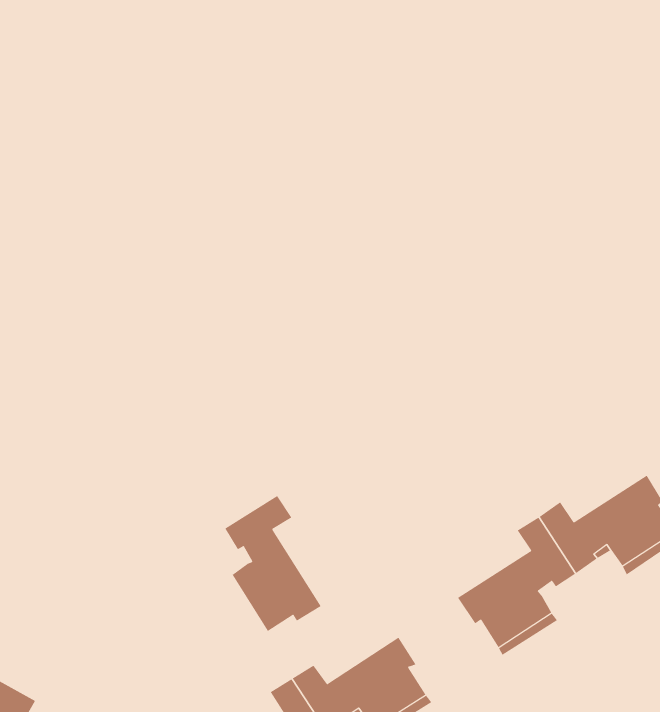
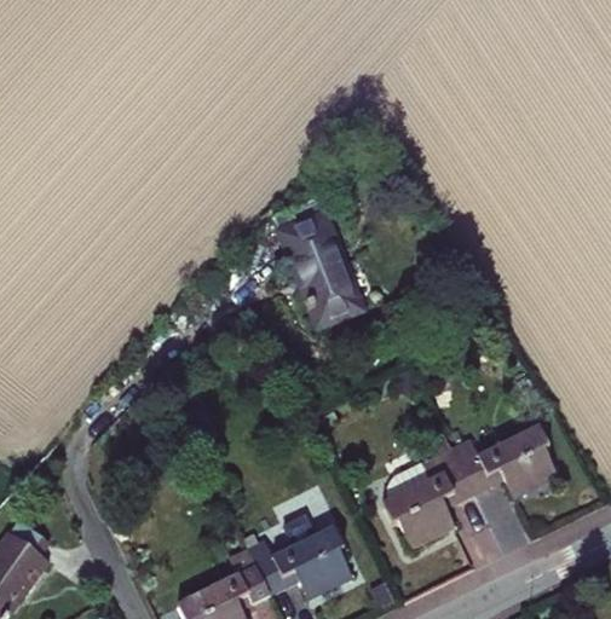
building: none -> [281,216,359,326]
building: [224,495,322,632] -> none

